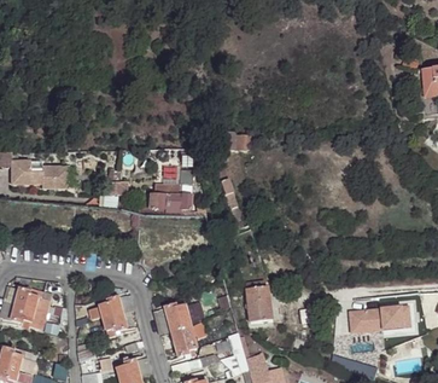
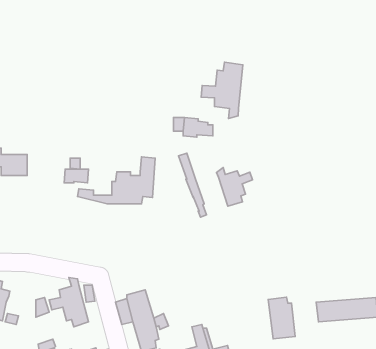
building: none -> [201,62,243,119]
building: none -> [216,168,253,206]
building: [245,279,271,320] -> [268,297,295,339]

